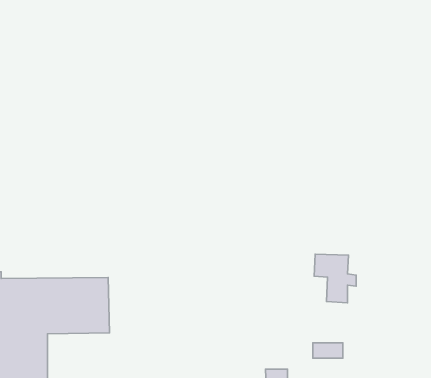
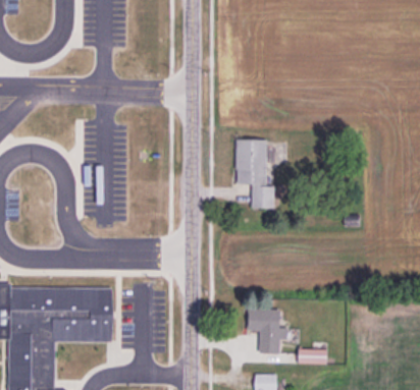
building: none -> [235,141,284,208]
building: [314,254,356,303] -> [248,310,286,354]

